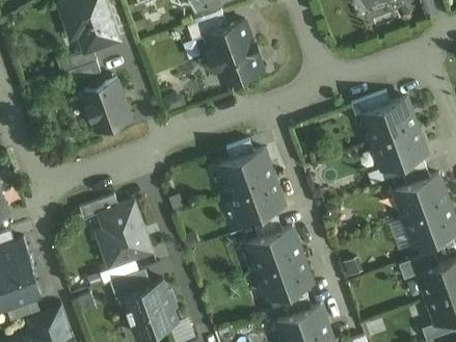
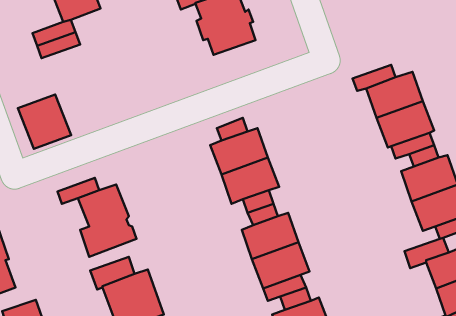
building: [82,82,131,132] -> [18,95,71,149]

